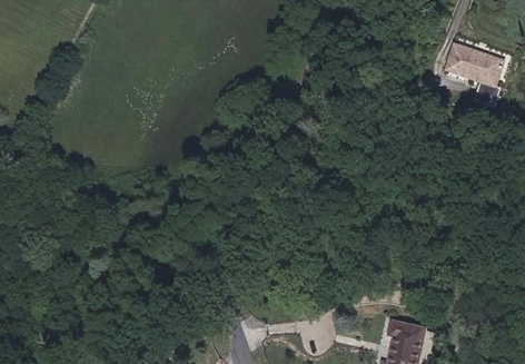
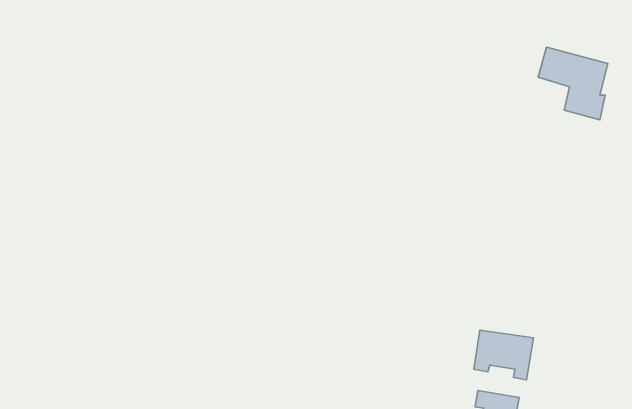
building: none -> [474,330,534,380]

